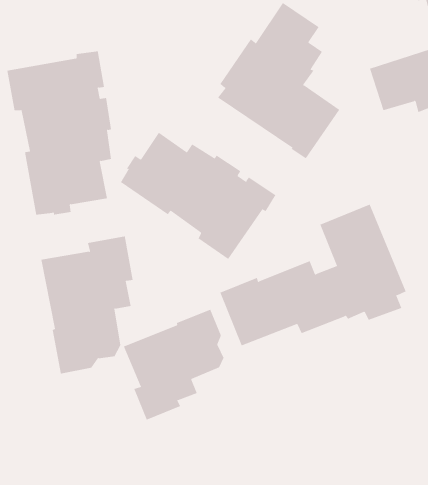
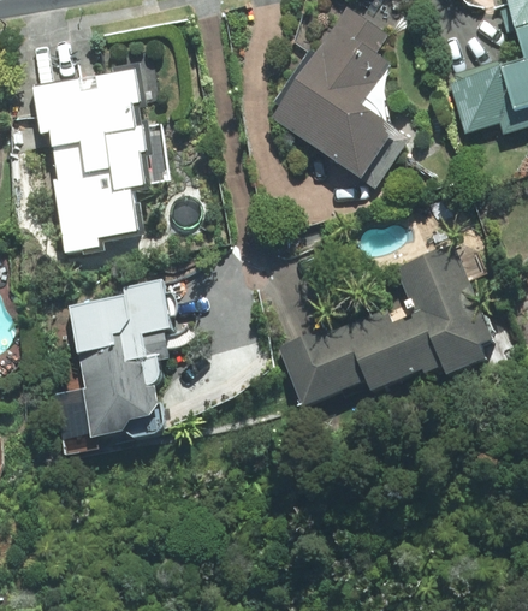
building: [120,132,276,260] -> none
building: [123,309,224,421] -> none

